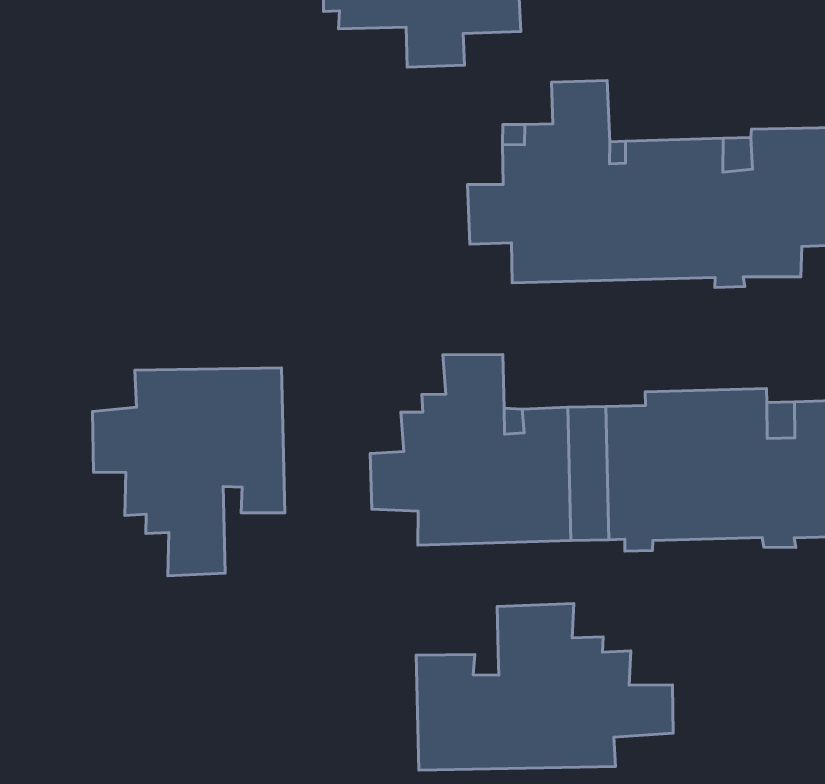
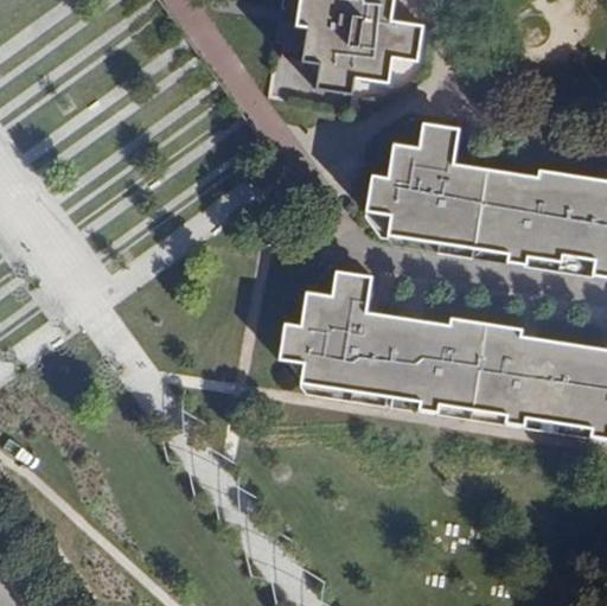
building: [92,368,285,576] -> none
building: [416,604,673,770] -> none

